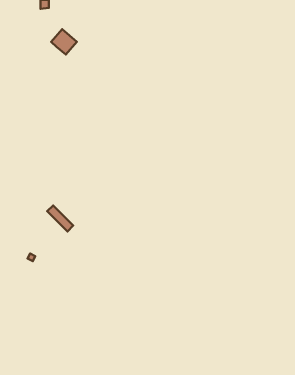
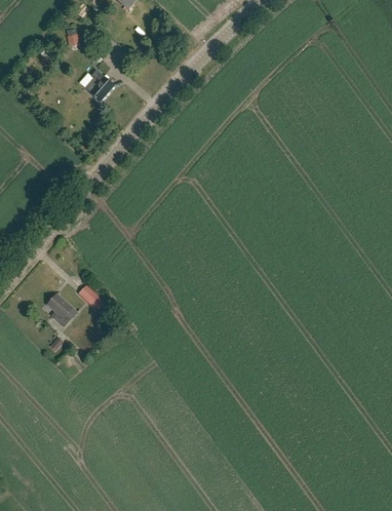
building: none -> [47,292,76,325]

